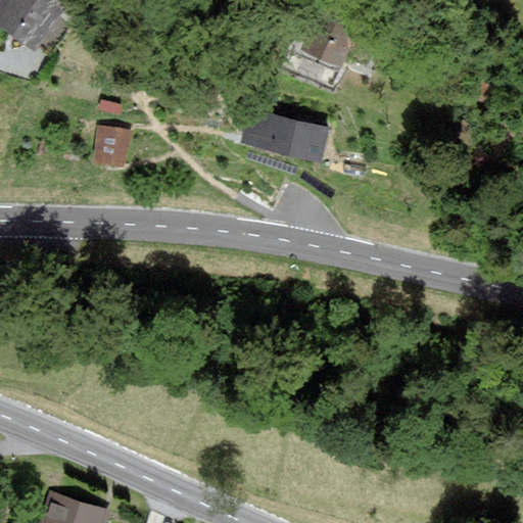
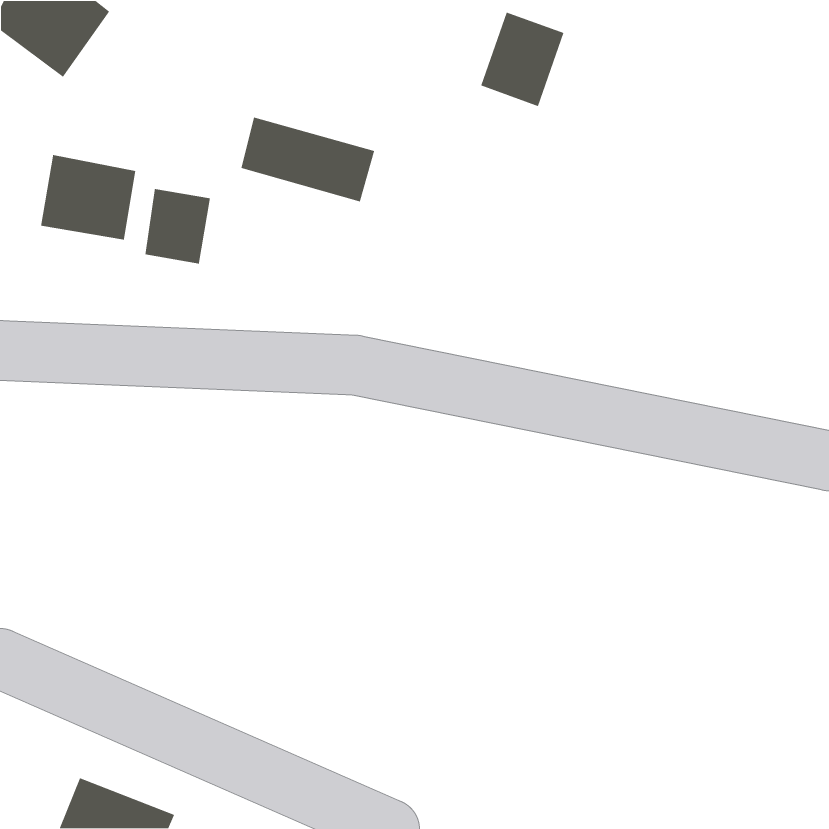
building: none -> [40,154,136,241]
building: [241,109,326,163] -> [241,117,375,203]

